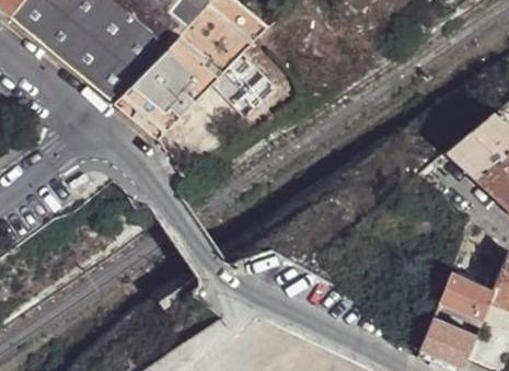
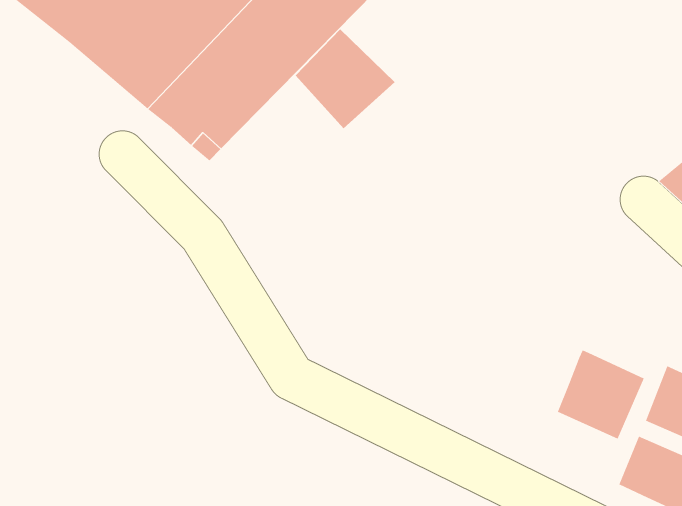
building: none -> [557,349,645,440]

